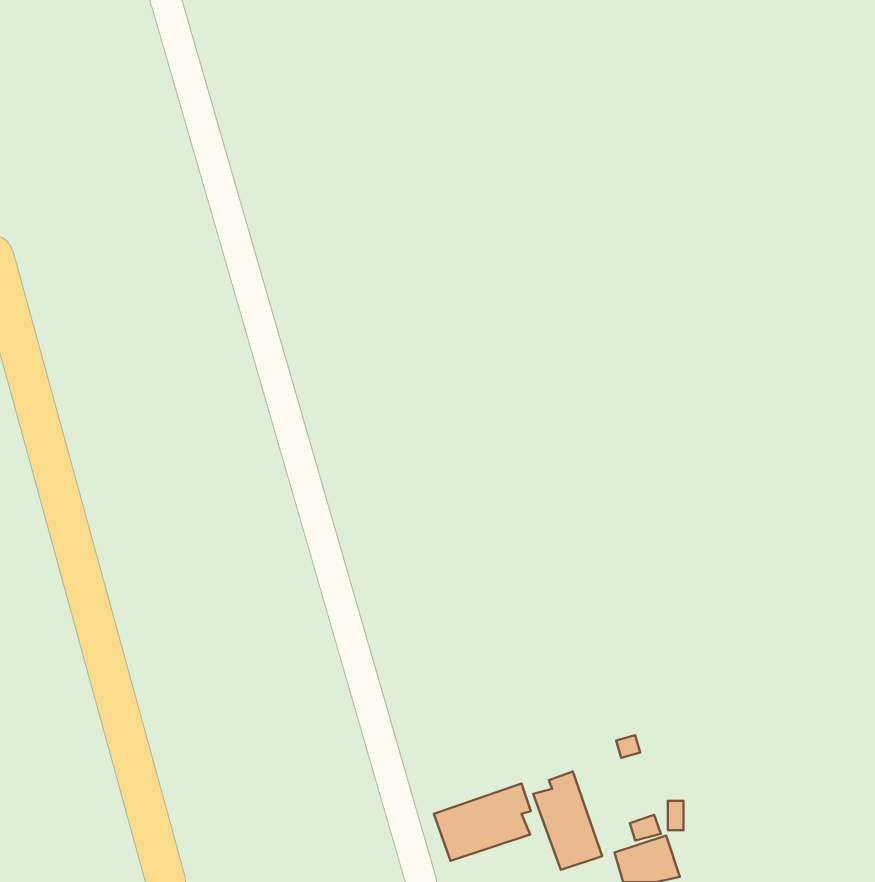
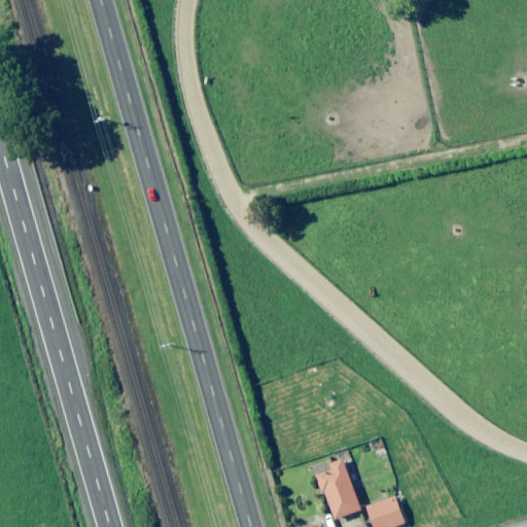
building: [434,783,531,861] -> none

